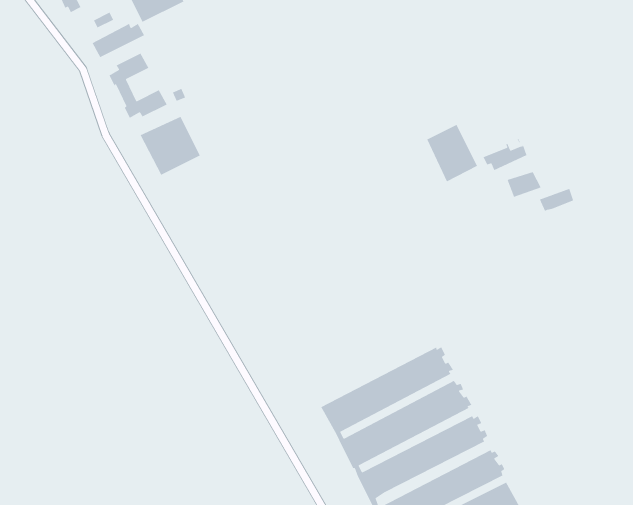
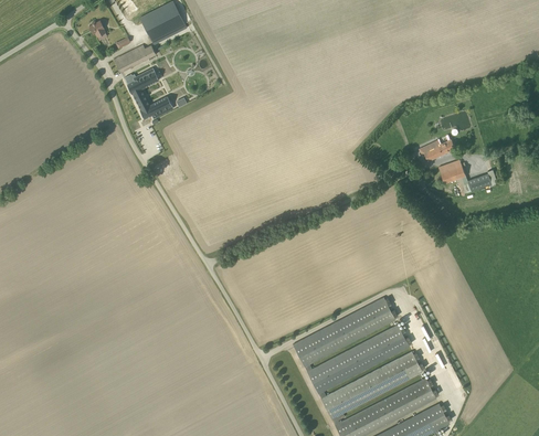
building: [140,116,201,176] -> none
building: [426,124,478,183] -> none

